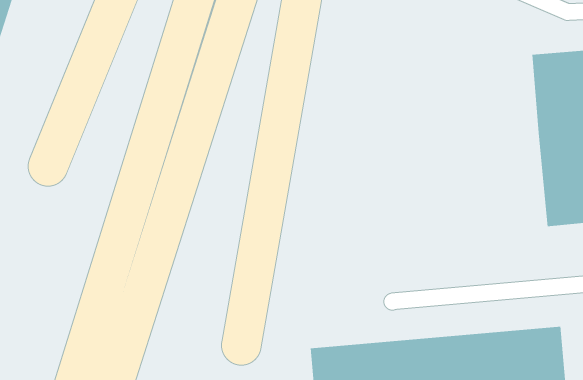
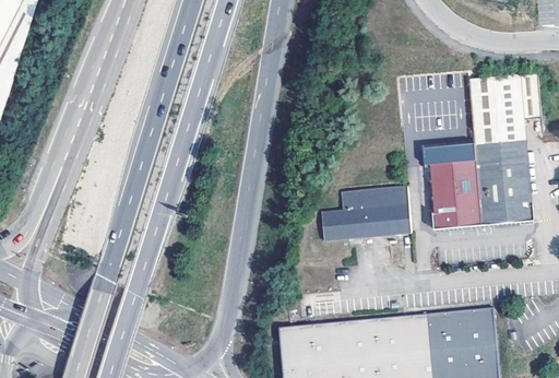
building: none -> [428,144,479,227]
building: none -> [320,186,409,240]

